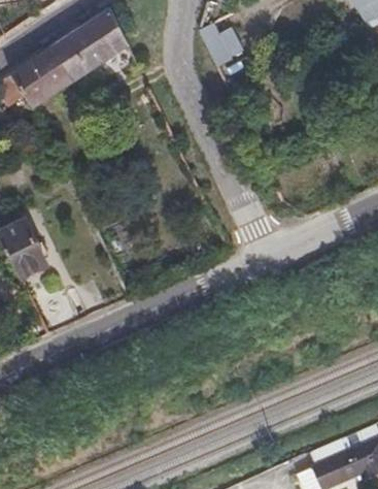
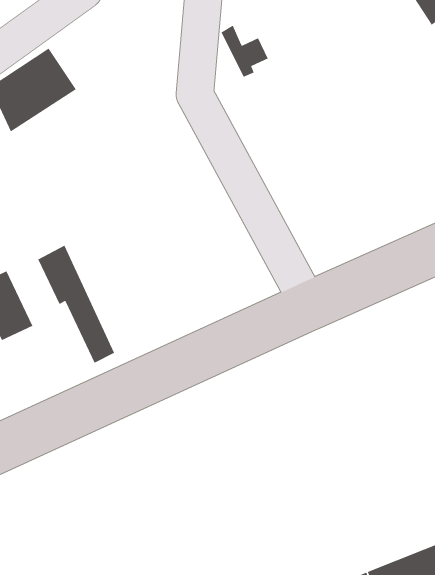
building: [59,6,128,74] -> none
building: none -> [37,244,115,364]

